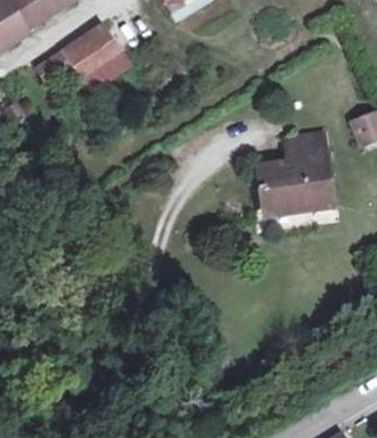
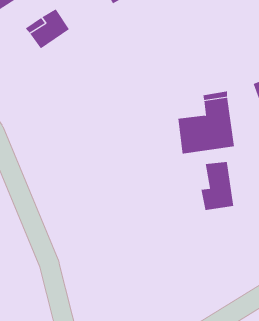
building: none -> [201,161,234,211]

